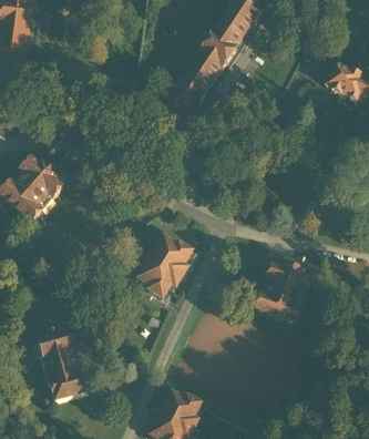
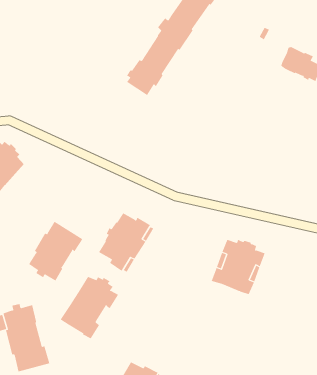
building: none -> [29,221,83,282]
building: none -> [60,276,119,339]

